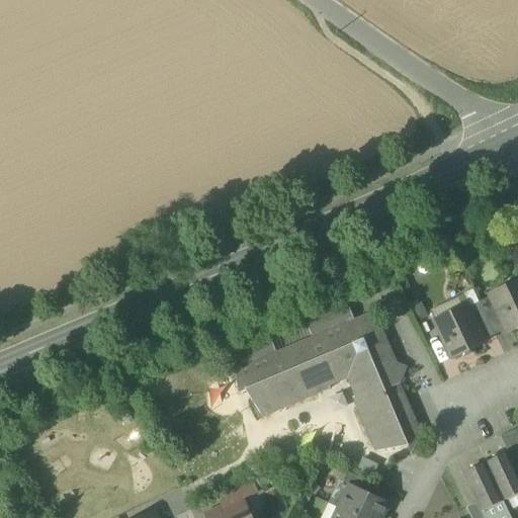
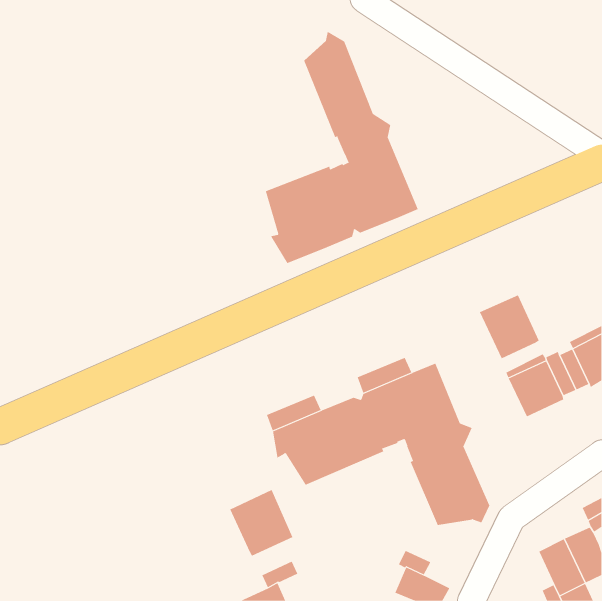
building: none -> [265,31,418,264]
building: none -> [479,294,540,359]
building: none -> [230,489,293,556]

